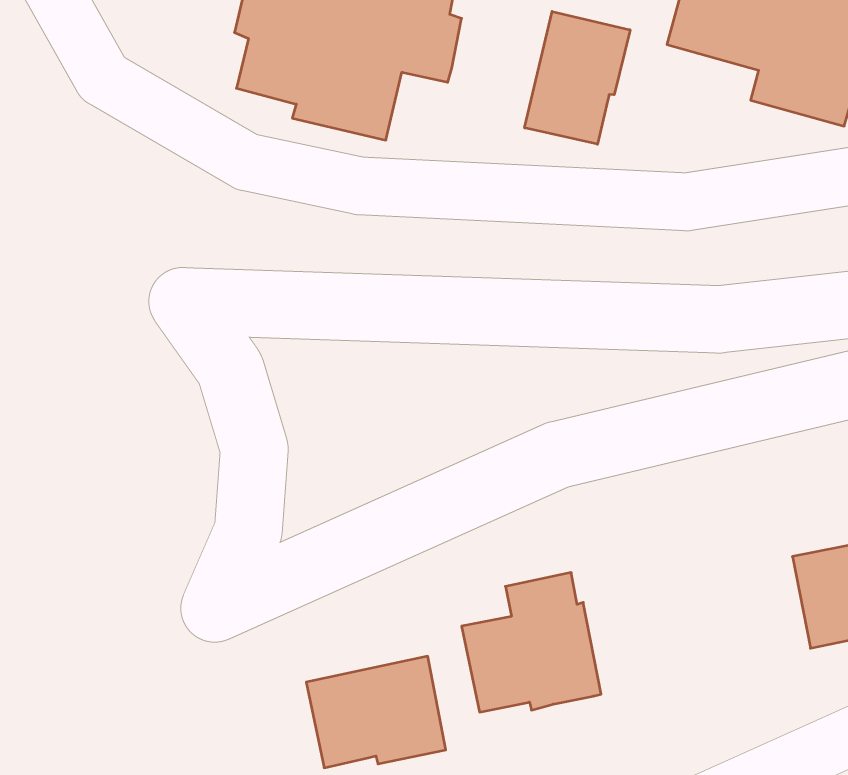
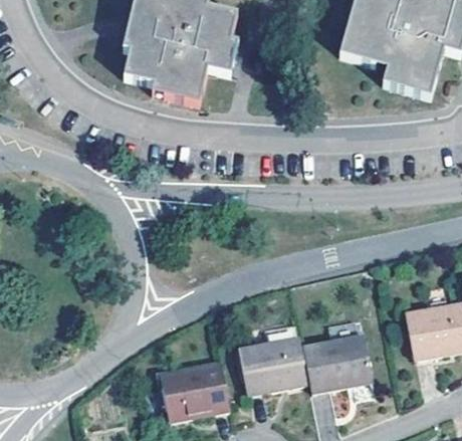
building: [525,11,630,144] -> none
building: none -> [303,320,371,392]

